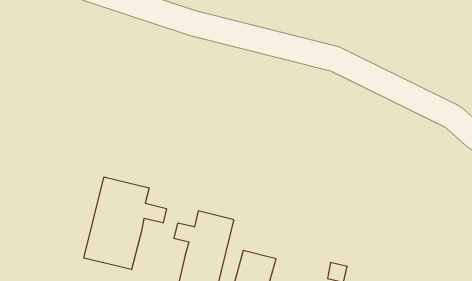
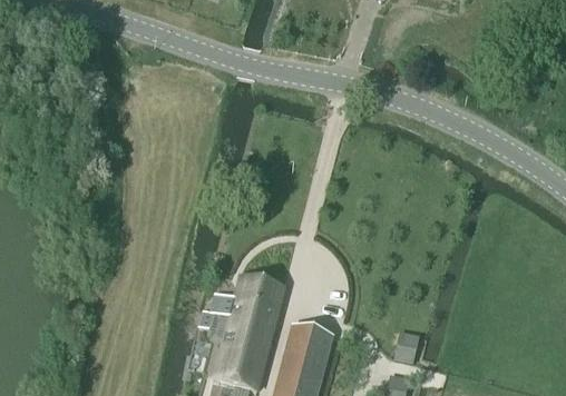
building: [84,177,166,270] -> none

